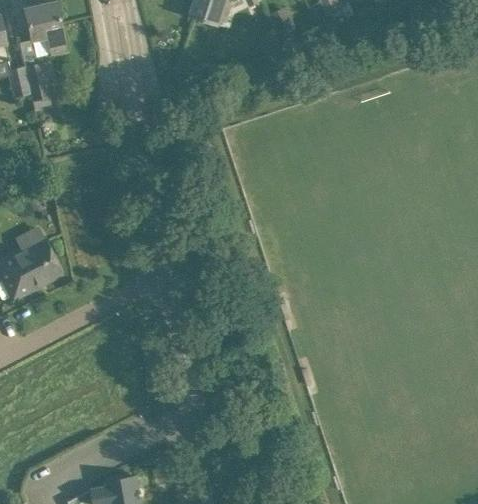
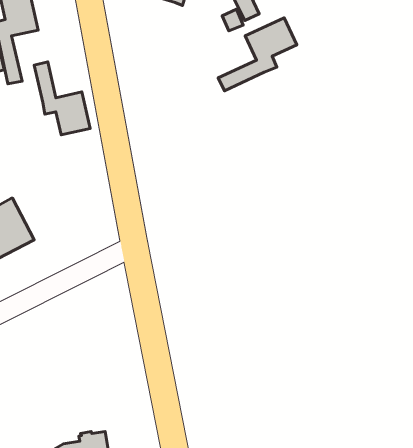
building: none -> [218,18,297,91]
building: none -> [34,62,90,135]

